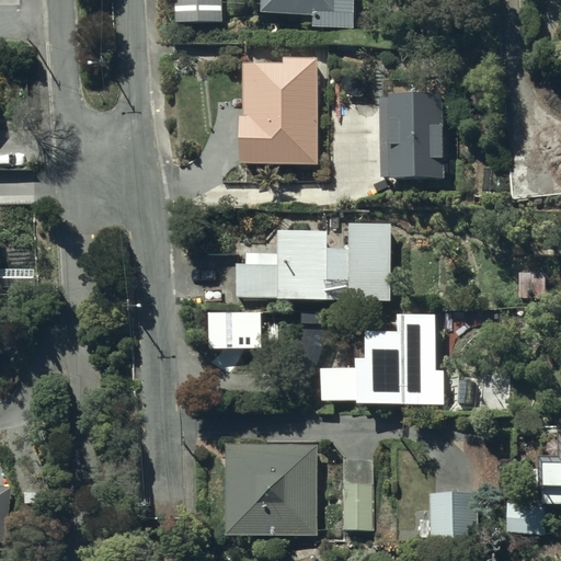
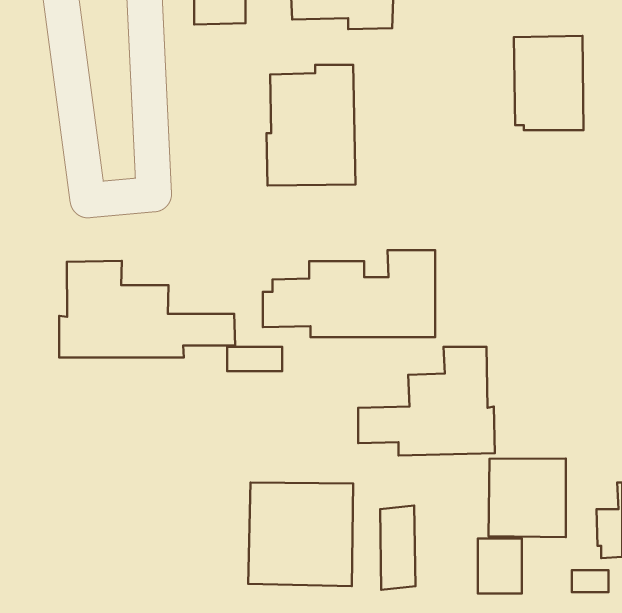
building: [380,101,443,185] -> [514,36,584,130]
building: none -> [59,261,235,358]
building: none -> [488,459,566,537]

